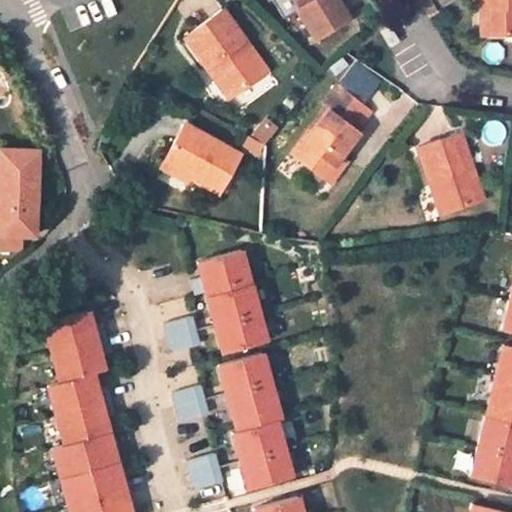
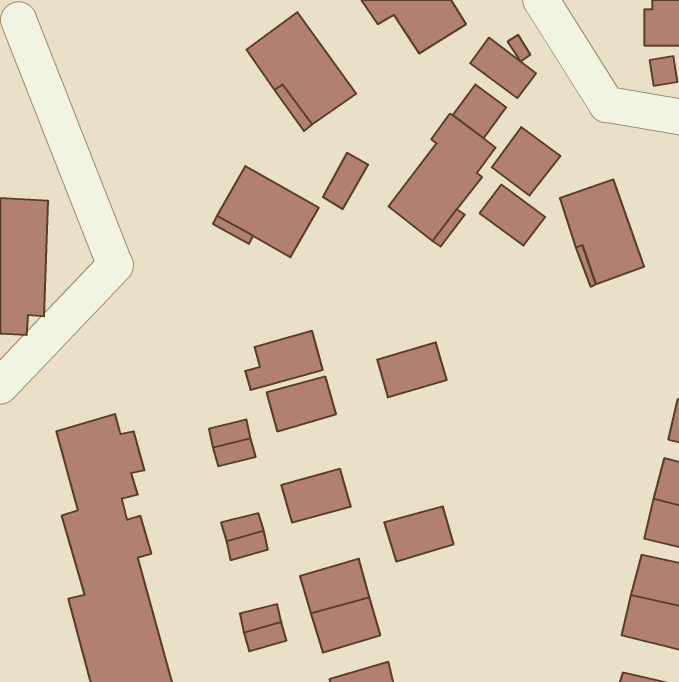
building: none -> [470,38,536,98]
building: none -> [492,127,560,196]
building: none -> [480,185,545,246]
building: [211,311,263,352] -> [377,342,447,397]
building: [222,380,274,421] -> [384,506,454,561]

